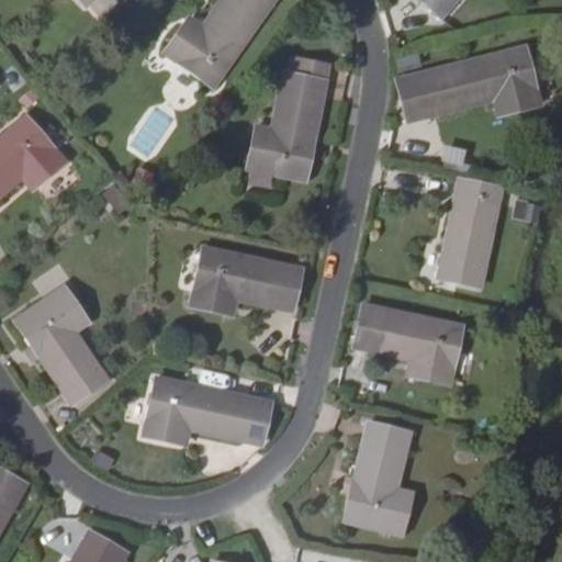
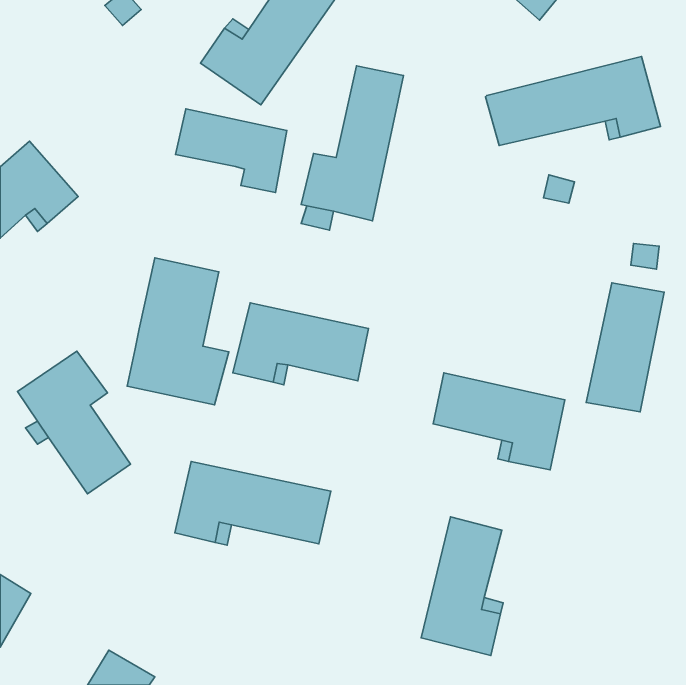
building: none -> [176,109,287,192]
building: [438,179,502,284] -> [586,283,664,412]
building: none -> [127,258,229,405]

